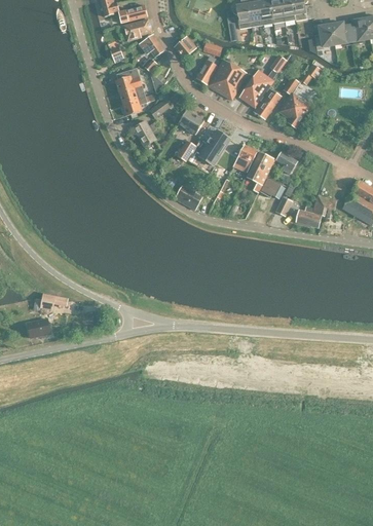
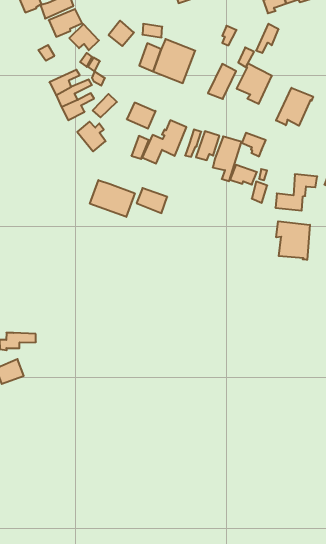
building: [239,69,273,107] -> none
building: none -> [276,88,313,126]
building: none -> [90,180,135,217]
building: none -> [276,221,310,260]

